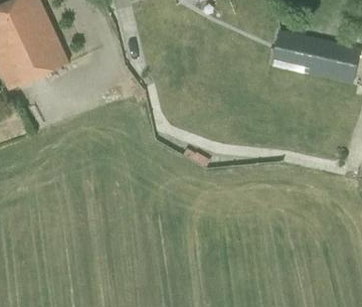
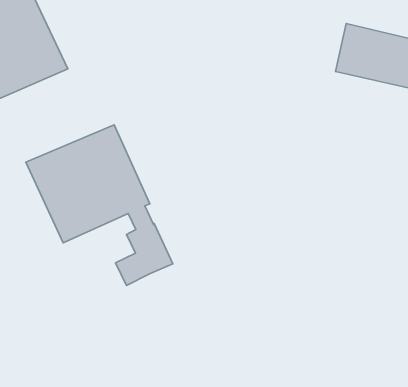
building: none -> [26,125,173,286]

